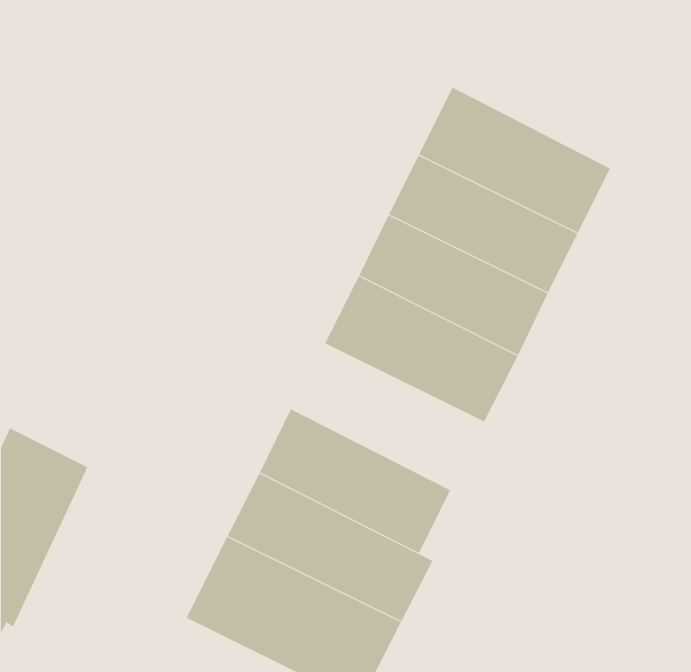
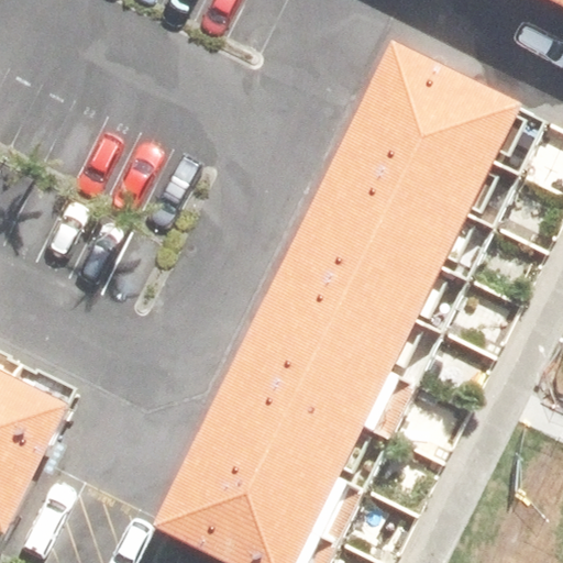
building: none -> [368,36,523,154]
building: none -> [238,296,395,415]

